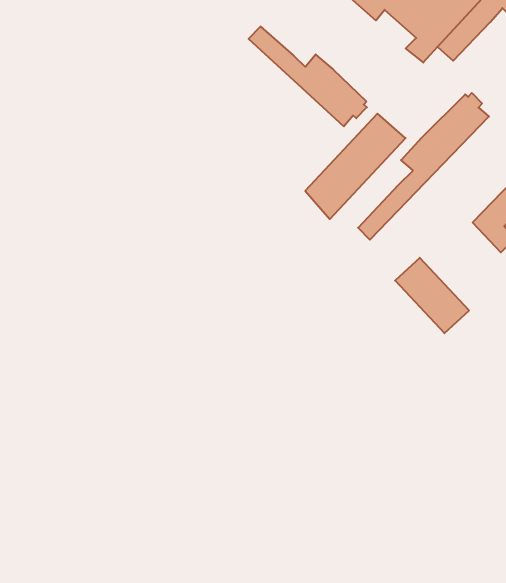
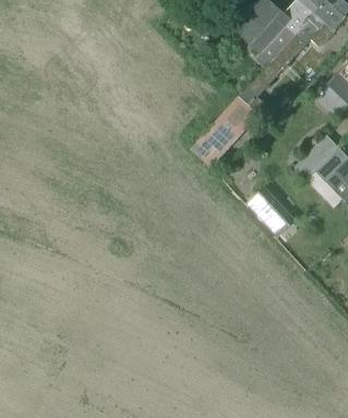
building: [249,26,367,126] -> none
building: [358,93,489,240] -> none

